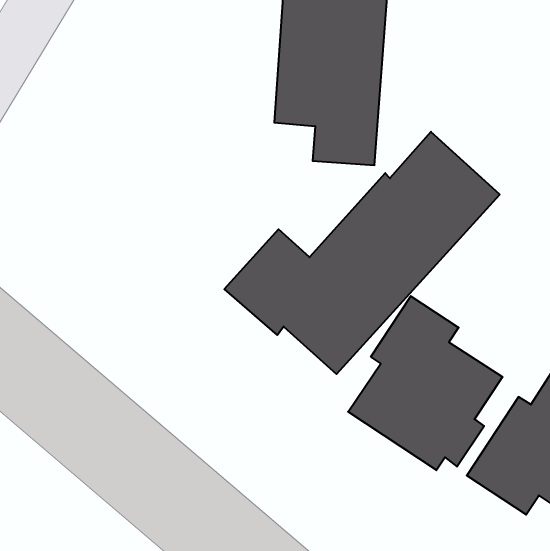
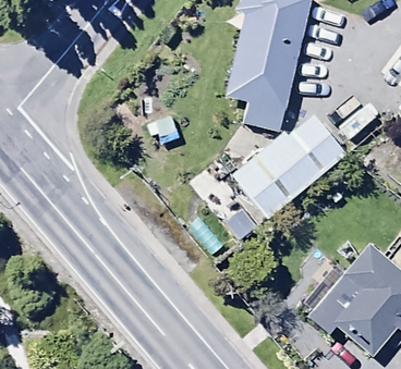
building: [348,296,502,470] -> none

